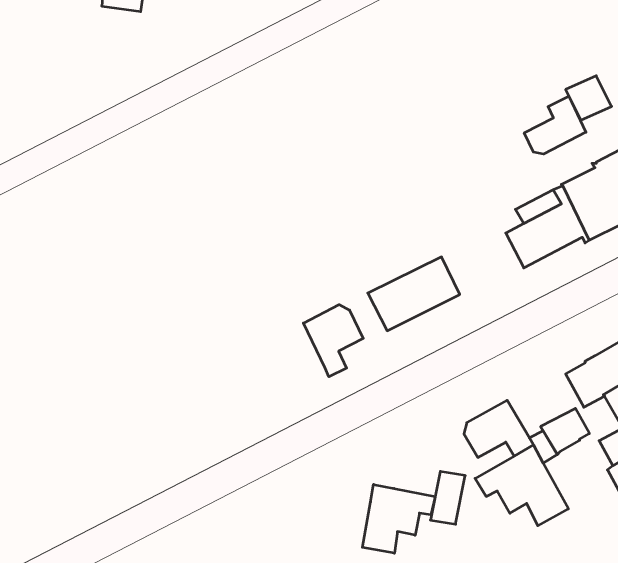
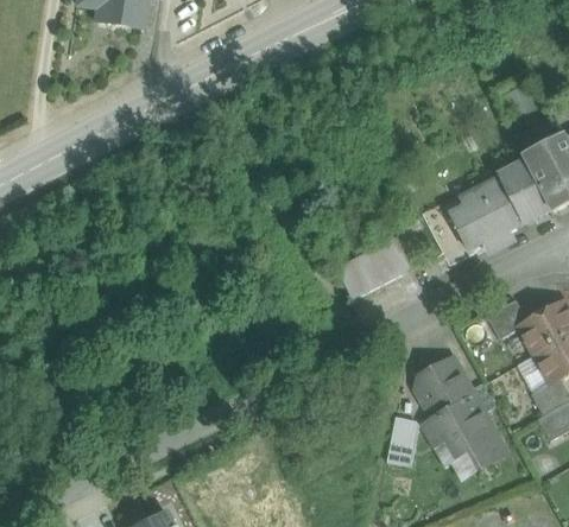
building: [524,96,586,154] -> none
building: [303,305,363,377] -> none
building: [541,408,589,454] -> [487,300,529,339]
building: [362,484,435,553] -> none

